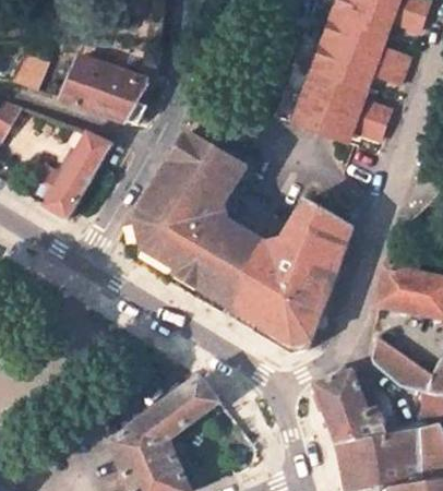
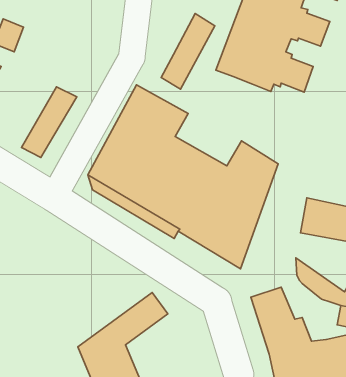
building: none -> [161,13,215,89]
building: [61,58,147,122] -> none

